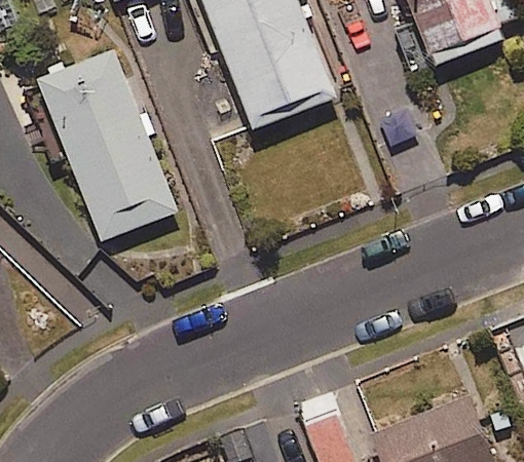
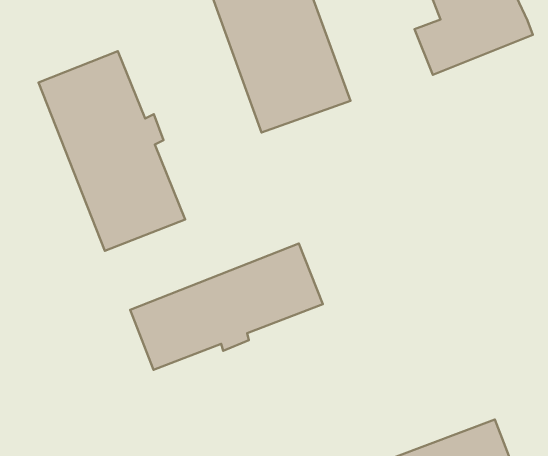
building: none -> [130,244,323,370]

